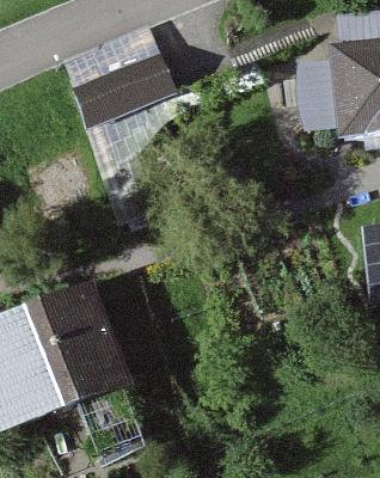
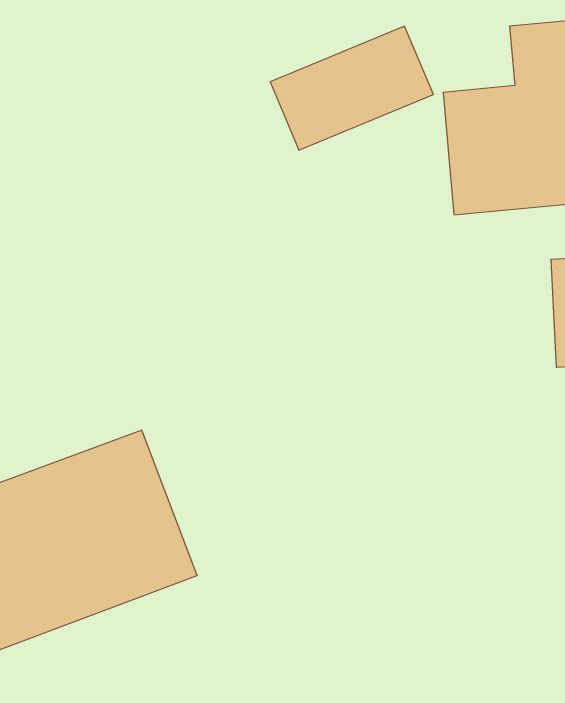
building: [74,51,183,134] -> [270,26,433,150]

